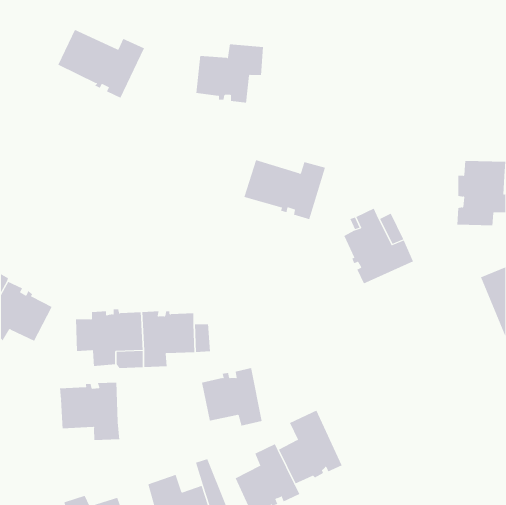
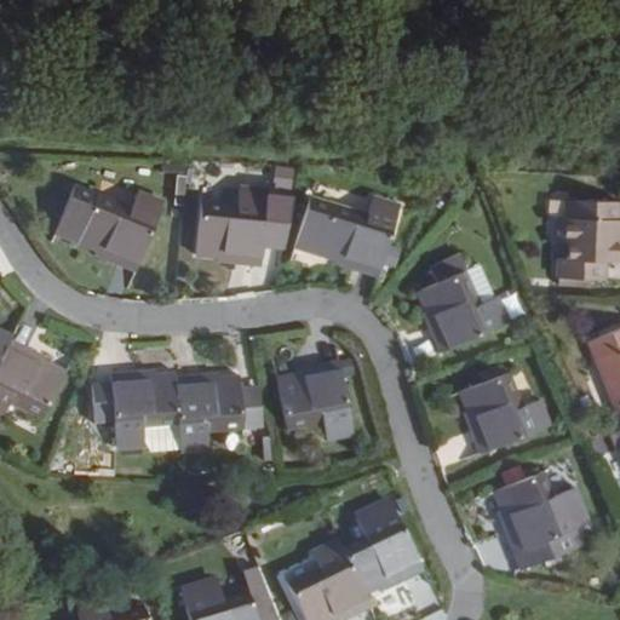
building: [58,29,145,99] -> [58,179,165,264]
building: [195,44,264,103] -> [195,190,279,263]
building: none -> [463,374,546,452]
building: [201,368,263,426] -> [277,366,352,437]
building: [60,382,120,441] -> none
building: none -> [494,475,584,568]

